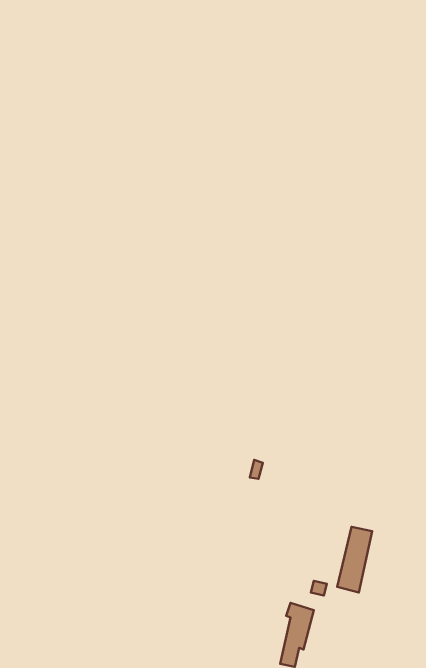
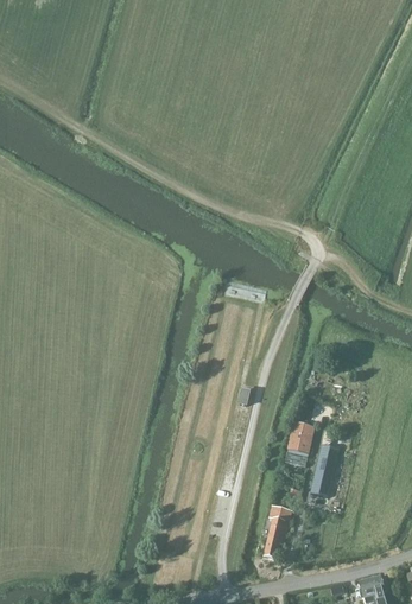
building: none -> [286,421,315,454]

